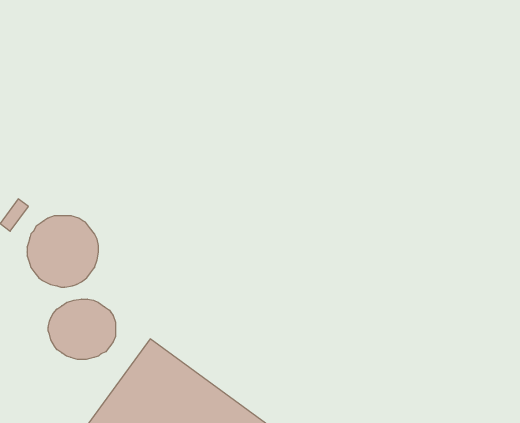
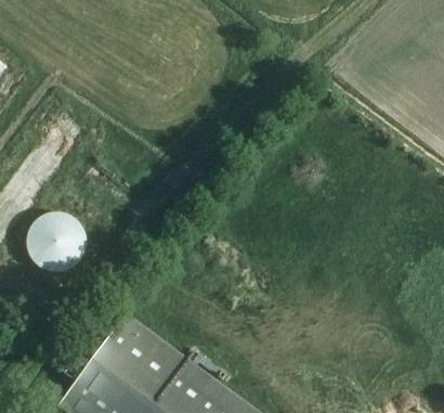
building: [48,299,116,359] -> none

